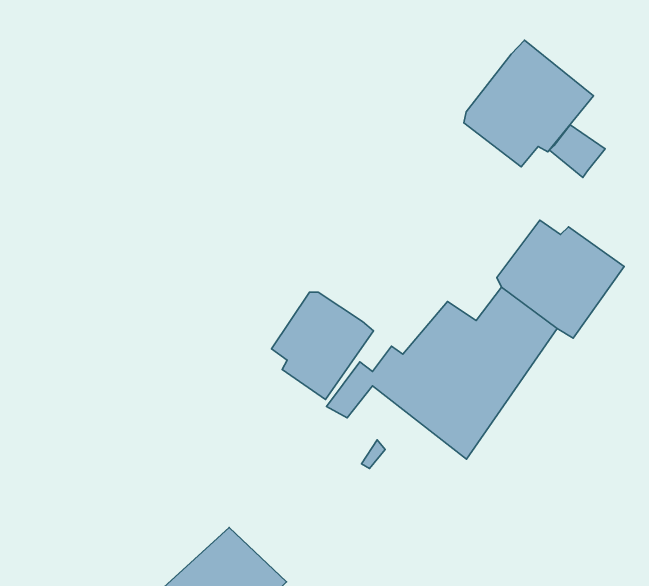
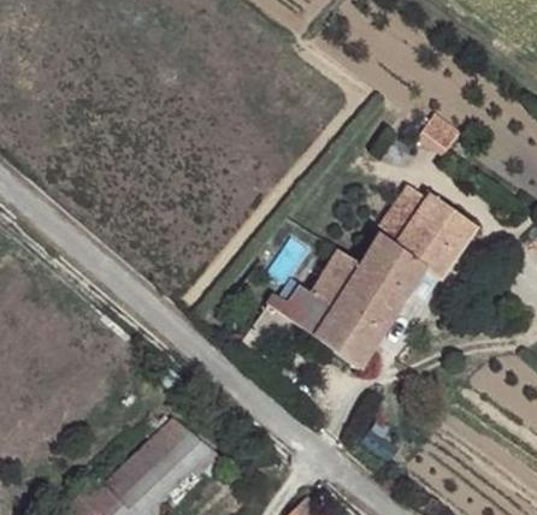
building: [464,40,593,167] -> none
building: [272,292,373,400] -> none

